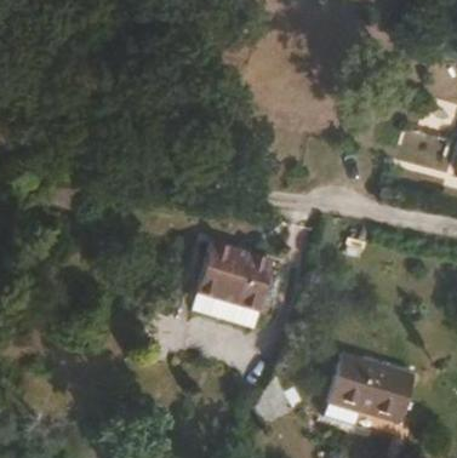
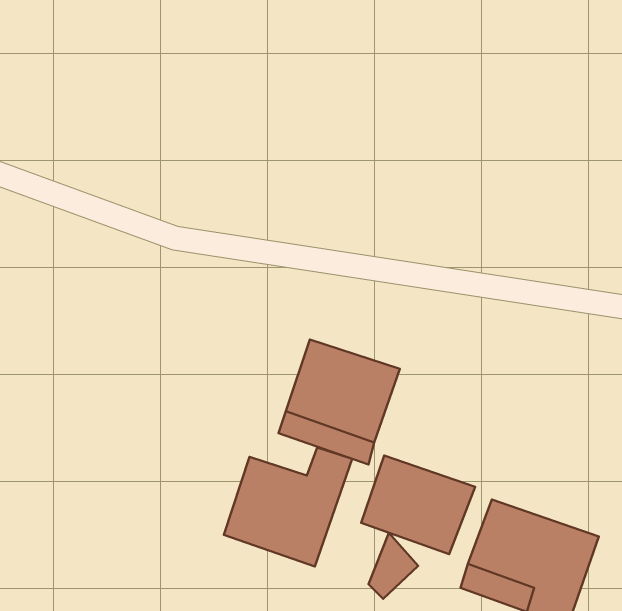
building: none -> [224,448,352,567]
building: none -> [361,455,475,554]

